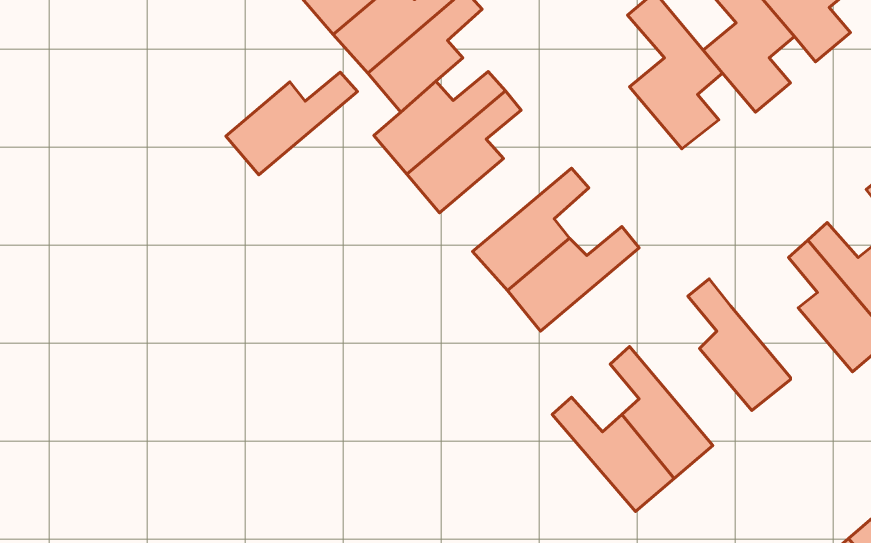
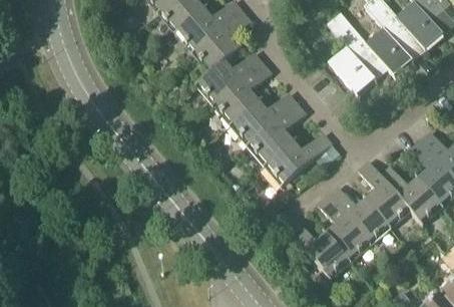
building: [226,72,358,175] -> [230,92,298,145]
building: none -> [380,166,443,225]
building: none -> [328,186,391,246]

